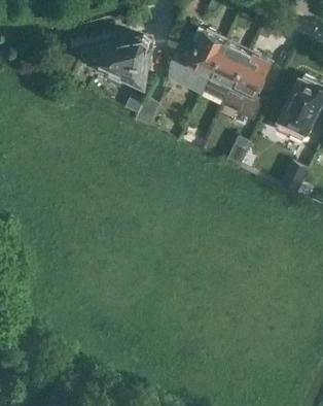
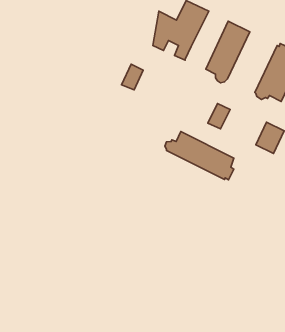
building: [82,37,149,86] -> none
building: [204,42,249,103] -> none
building: none -> [165,131,234,180]

